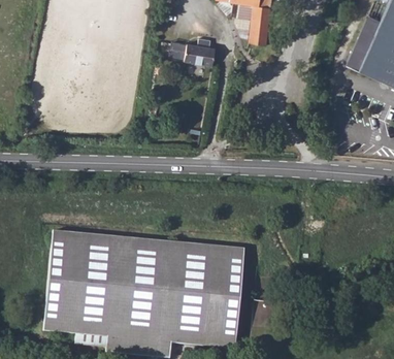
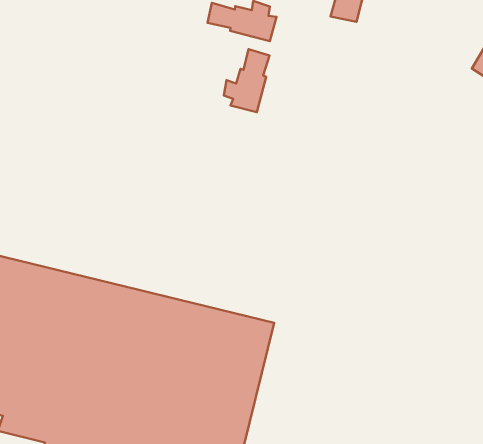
building: none -> [224,49,270,112]

